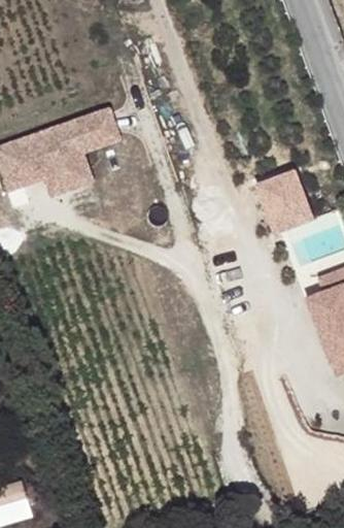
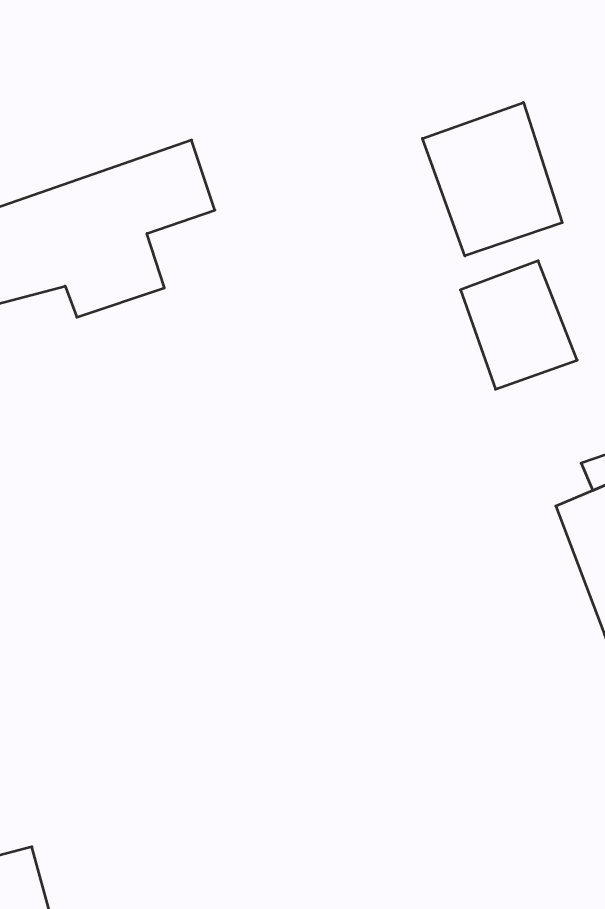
building: none -> [422,102,562,256]

